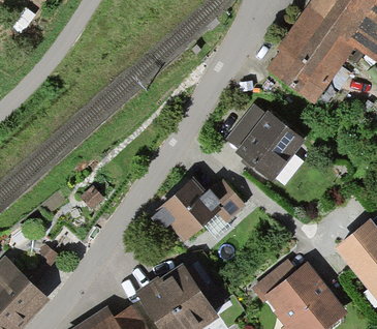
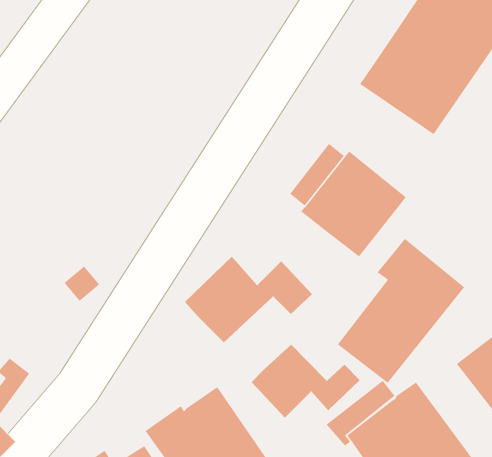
building: none -> [337,238,465,384]
building: none -> [251,344,361,419]

